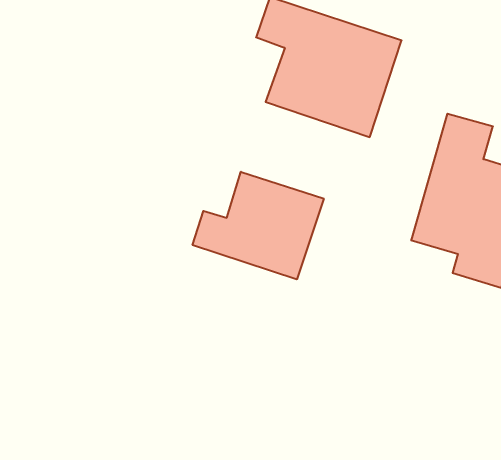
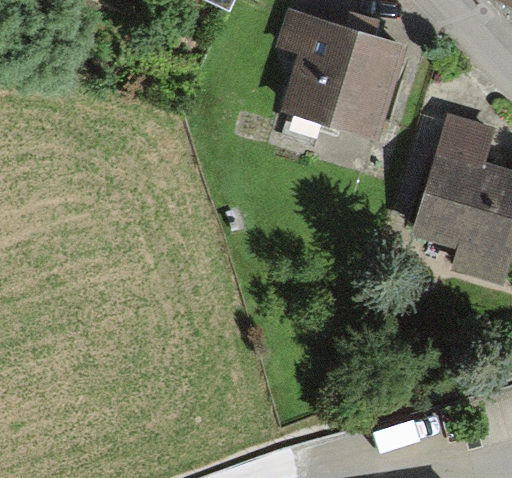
building: [193,172,324,279] -> none

